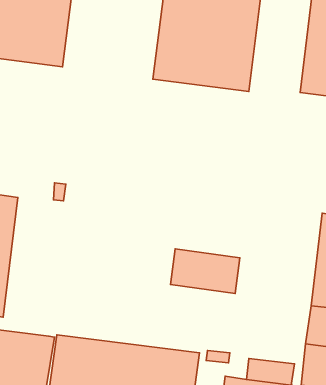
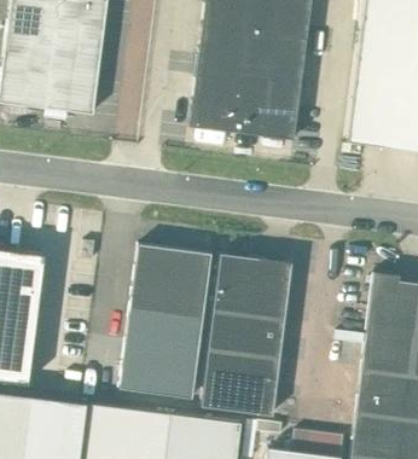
building: none -> [118,244,210,399]
building: none -> [213,255,290,320]
building: none -> [201,349,278,416]

